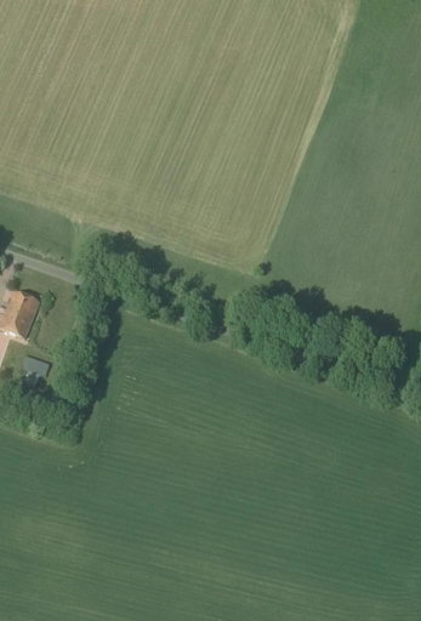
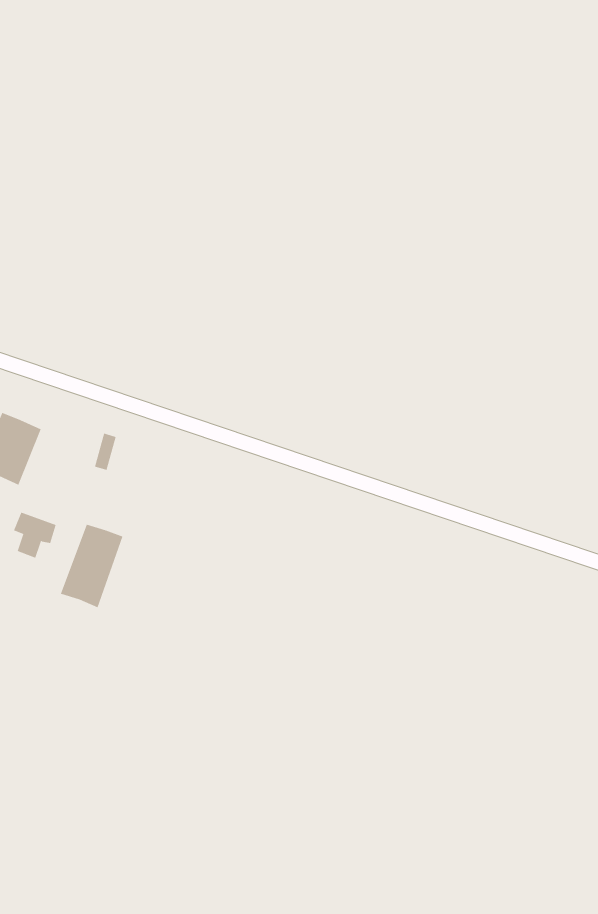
building: none -> [60,524,123,608]

